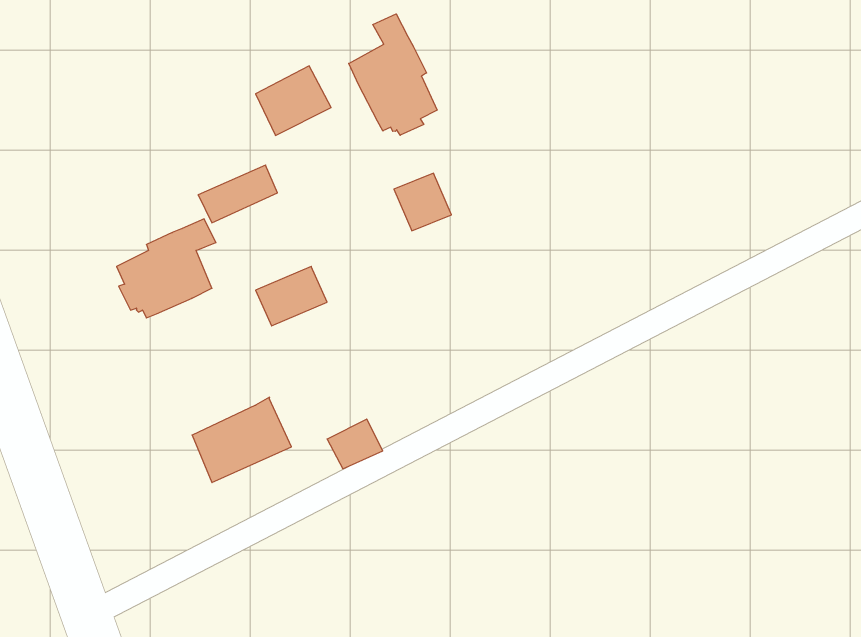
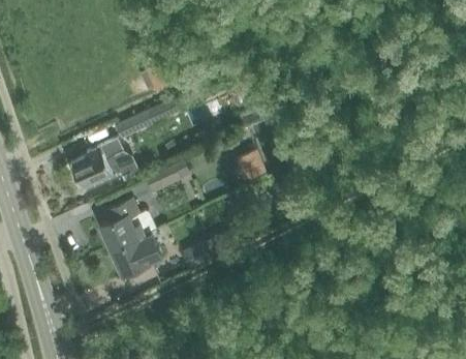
building: [349,14,437,135] -> none
building: [394,173,451,231] -> [236,149,266,179]
building: none -> [99,199,156,250]

